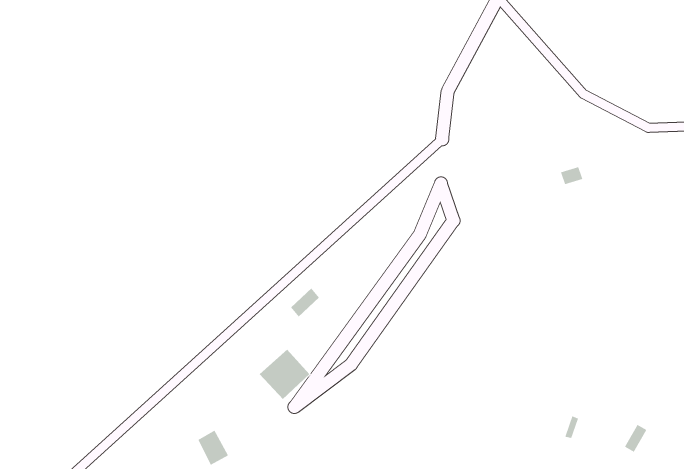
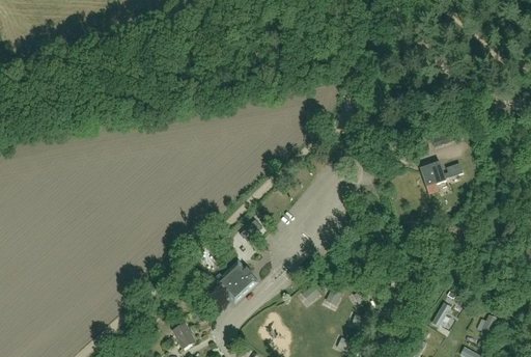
building: none -> [419,160,446,194]

